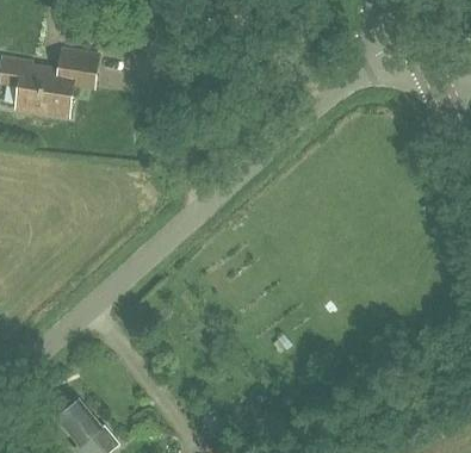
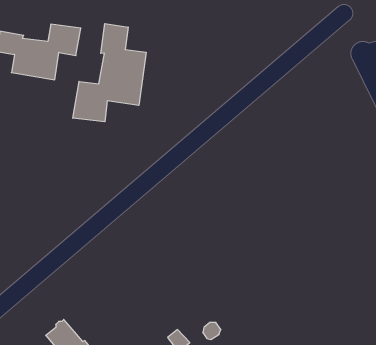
building: none -> [73,24,146,122]

